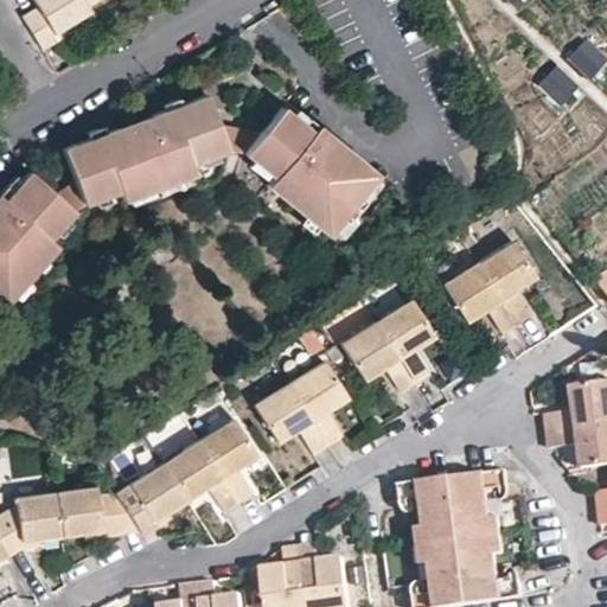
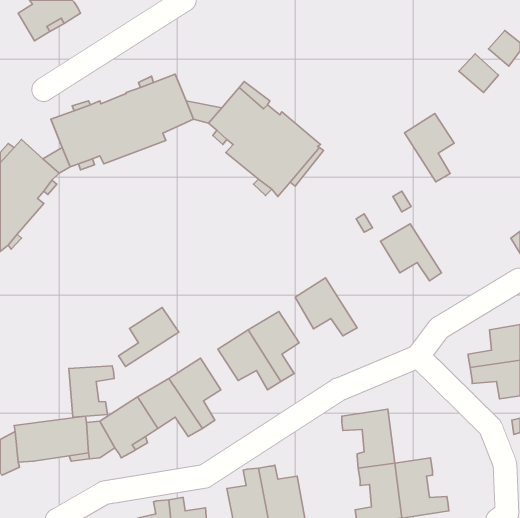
building: [478,241,536,320] -> [404,114,454,182]
building: [379,304,436,384] -> none
building: none -> [118,308,179,367]
building: none -> [69,366,114,417]
building: [452,472,507,542] -> none

